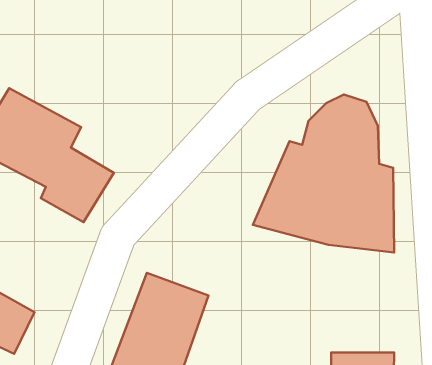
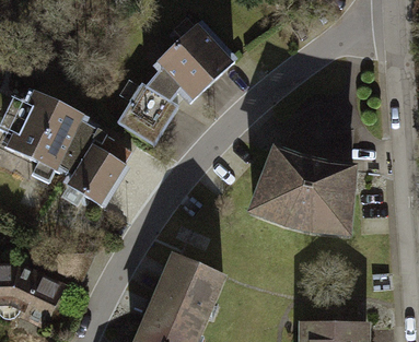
building: none -> [113,26,235,150]

